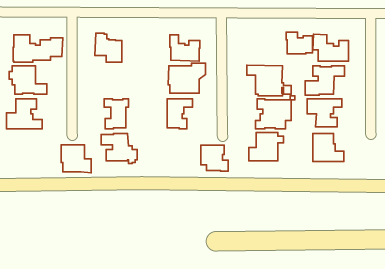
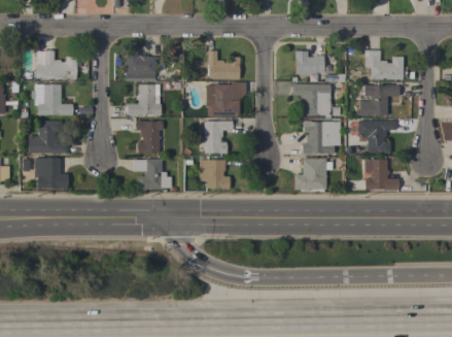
building: [286,32,312,54] -> [295,50,324,74]
building: none -> [128,83,162,115]
building: [61,145,91,173] -> [35,158,68,189]
building: [201,145,228,171] -> [200,160,230,189]

